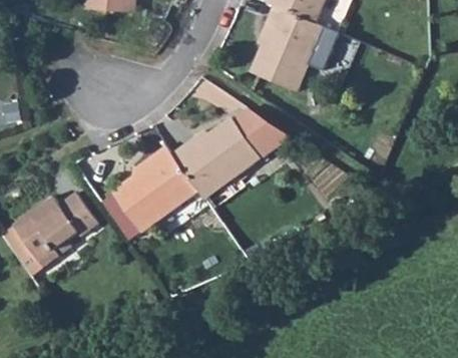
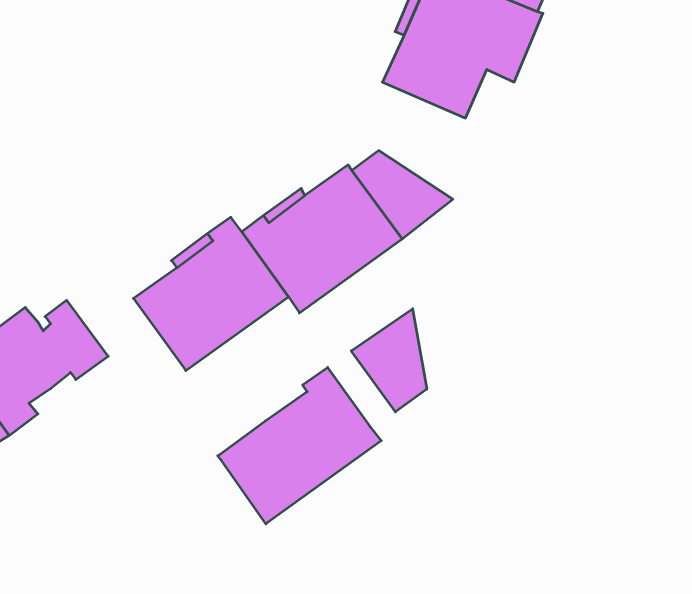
building: none -> [351,309,427,412]
building: none -> [218,367,381,524]

